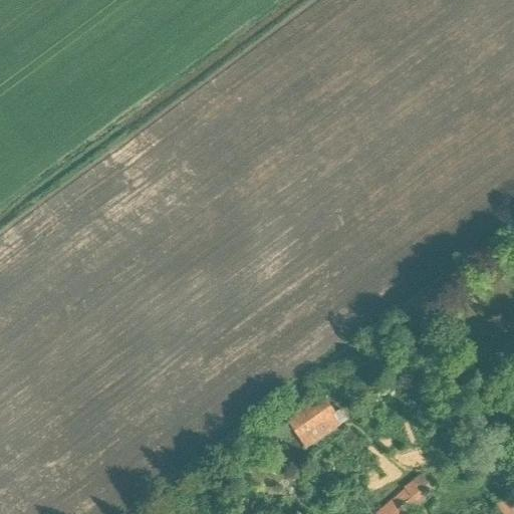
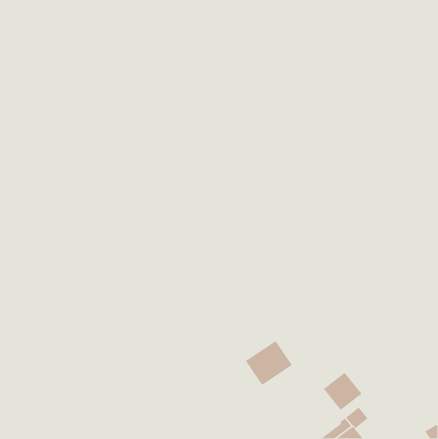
building: none -> [323,372,362,411]

